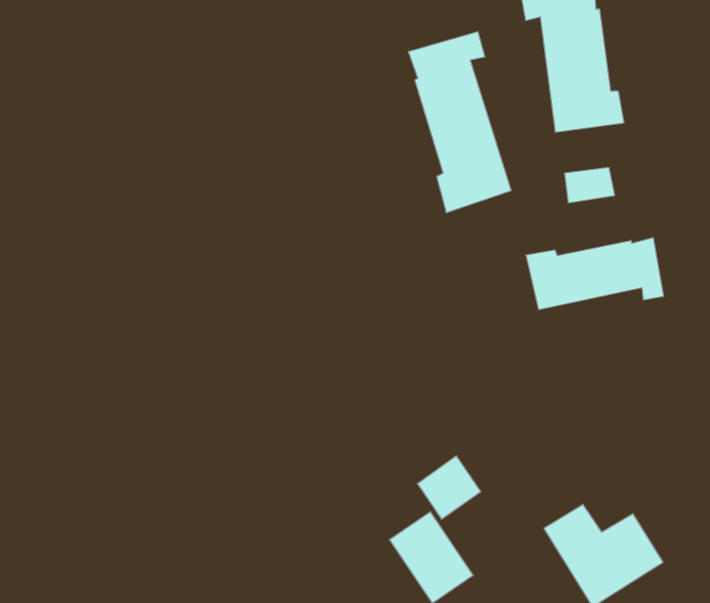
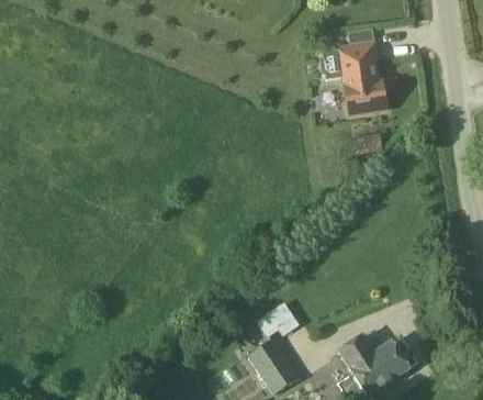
building: [408,31,511,213] -> none
building: [526,238,664,310] -> none

